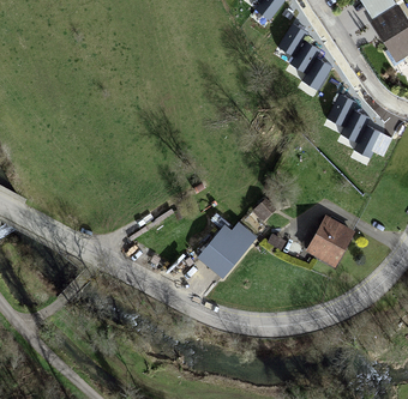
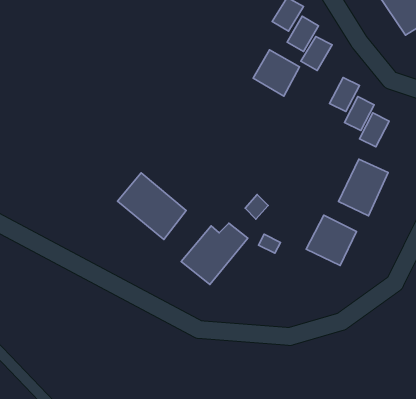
building: none -> [253,50,300,96]
building: none -> [338,159,388,216]
building: none -> [117,173,186,239]

